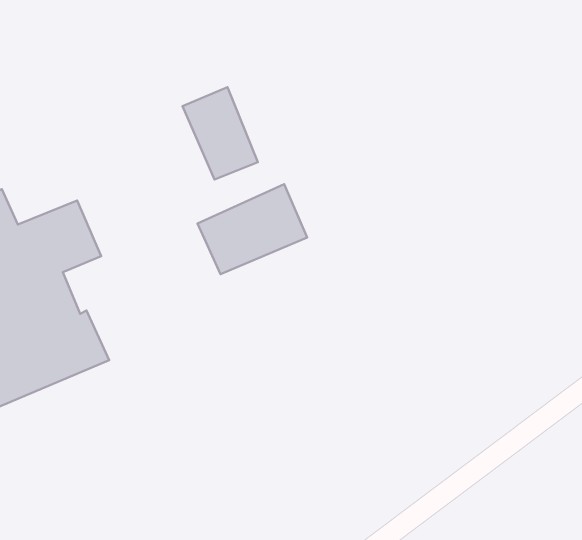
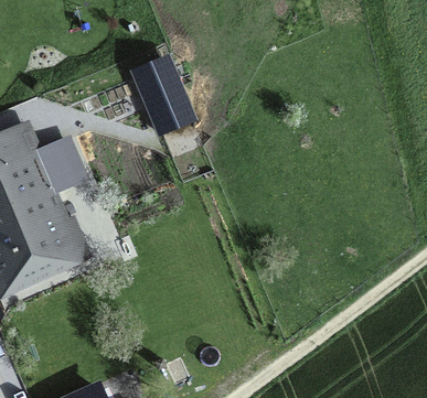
building: [197,184,307,274] -> none

